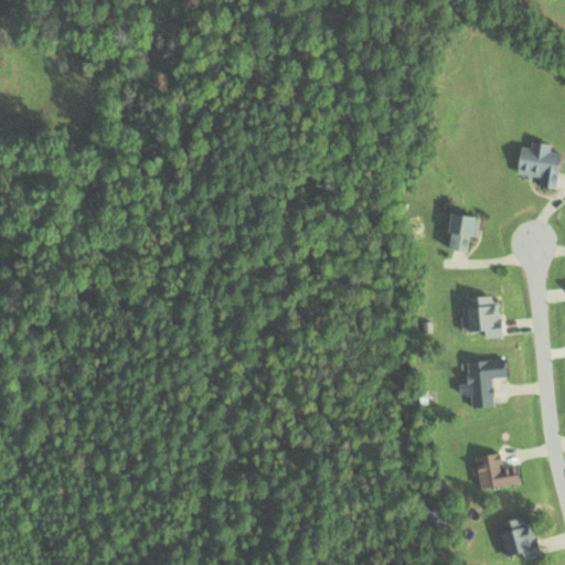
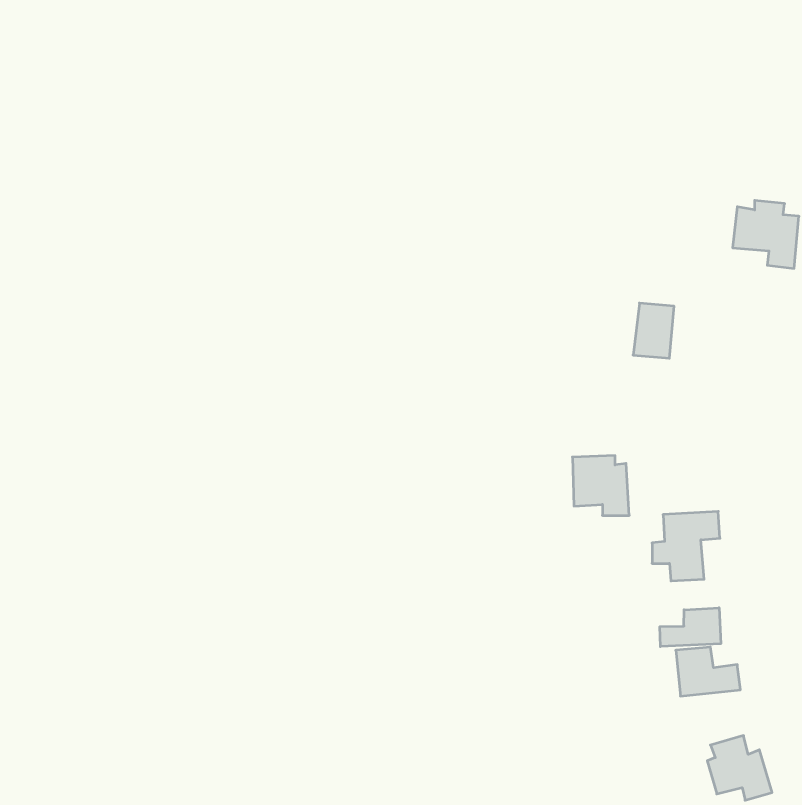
building: [463,296,503,338] -> [572,456,629,515]
building: none -> [660,608,721,647]

